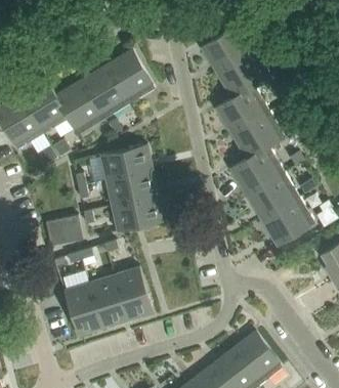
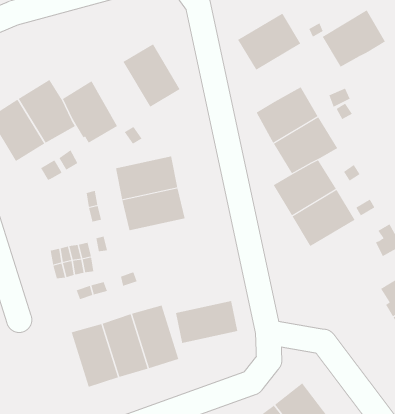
building: [217,50,270,98] -> [322,10,386,67]
building: [81,66,129,119] -> none
building: [112,196,164,231] -> [175,300,238,344]
building: [262,197,315,245] -> none

